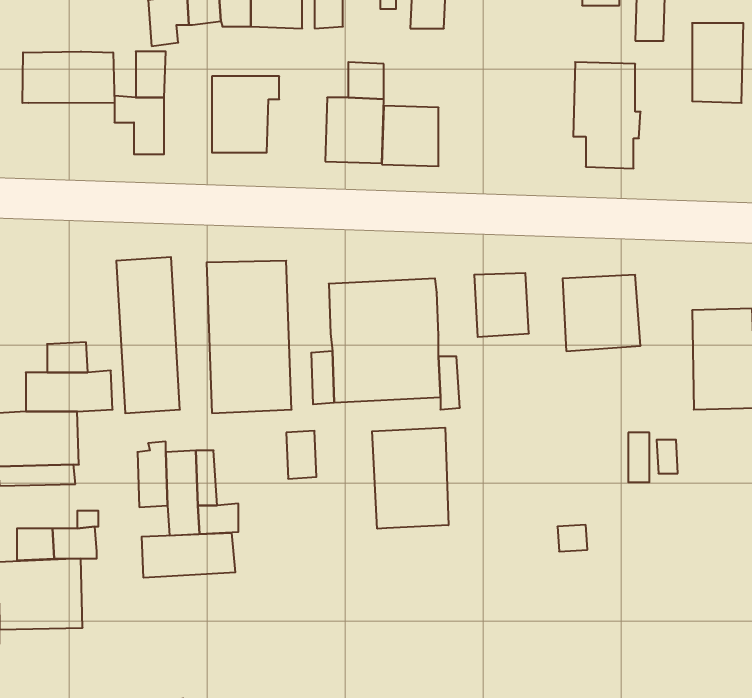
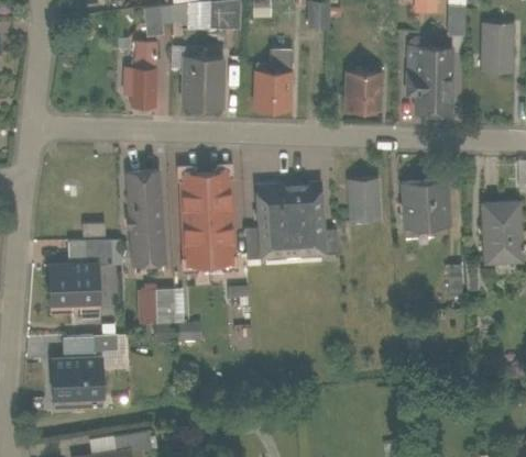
building: [22,51,114,103] -> none
building: [382,106,439,166] -> [346,75,381,112]
building: [372,428,448,529] -> none
building: [142,533,235,578] -> none

